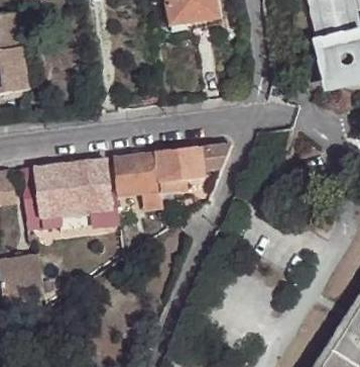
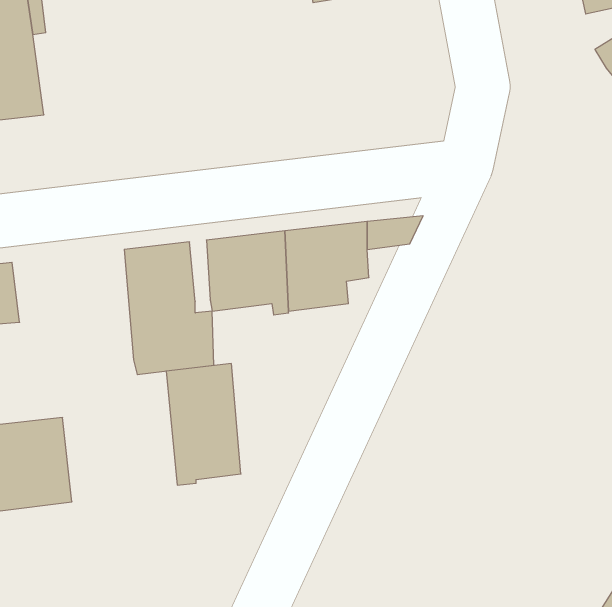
building: [32,163,73,228] -> [166,364,241,485]

